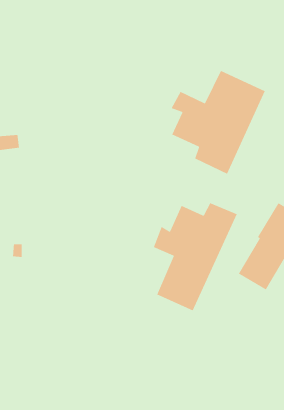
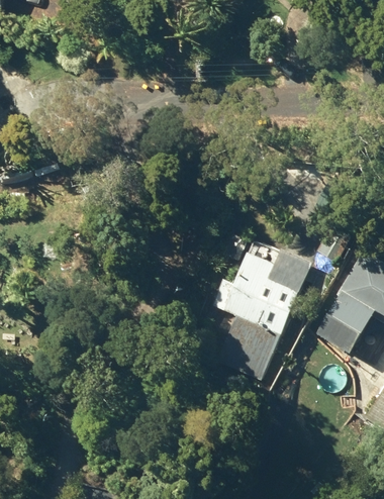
building: [170,70,266,175] -> none

